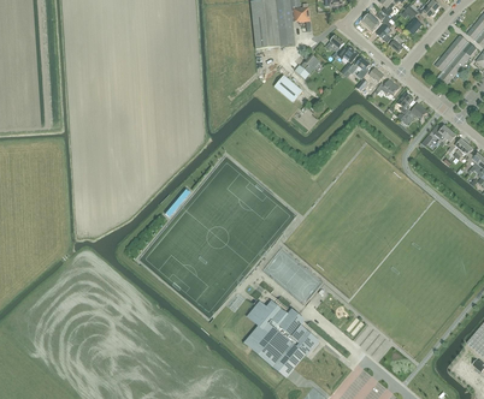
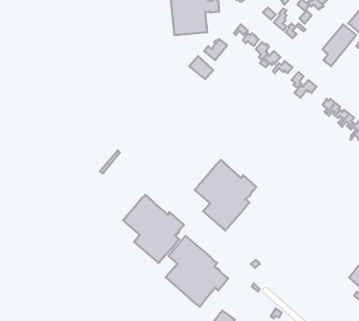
building: none -> [195,160,256,230]
building: none -> [123,195,184,263]

